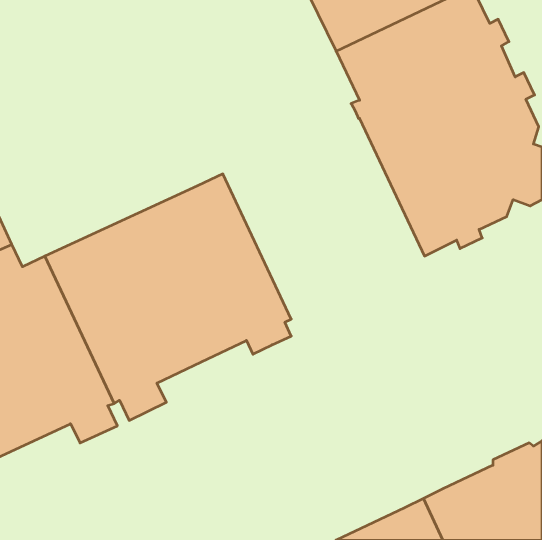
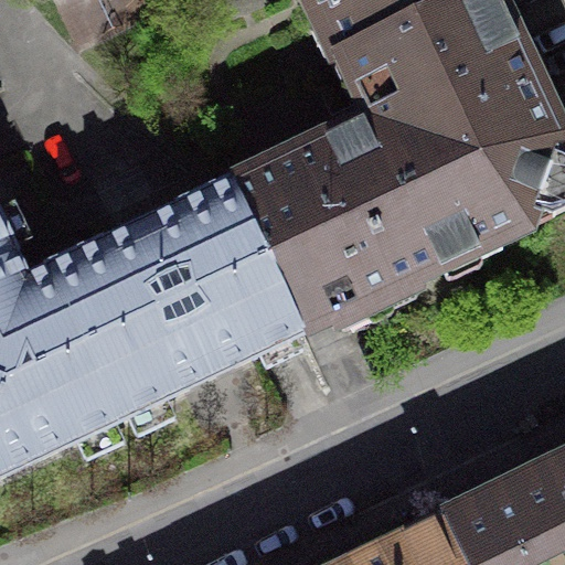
building: none -> [231,122,439,330]

